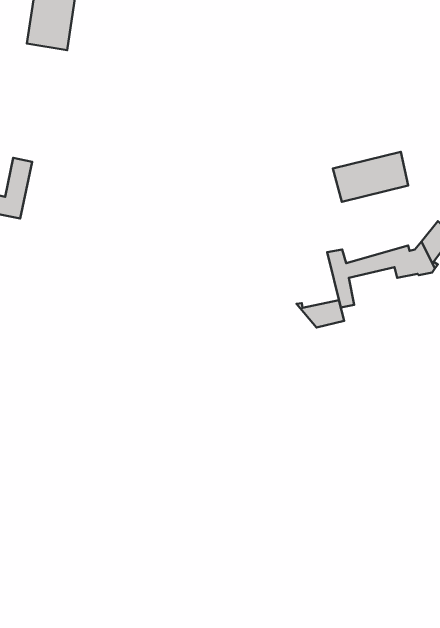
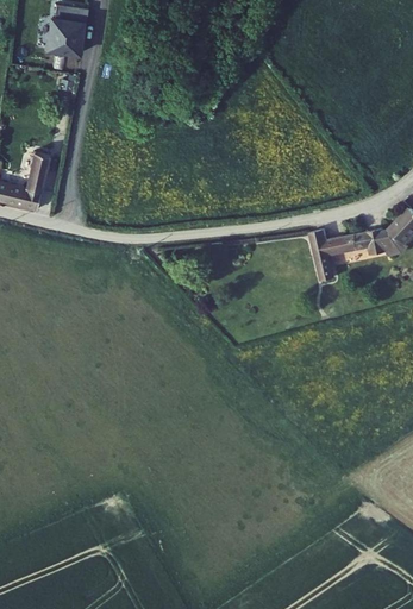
building: [333,152,408,202] -> none
building: [296,300,344,327] -> none

